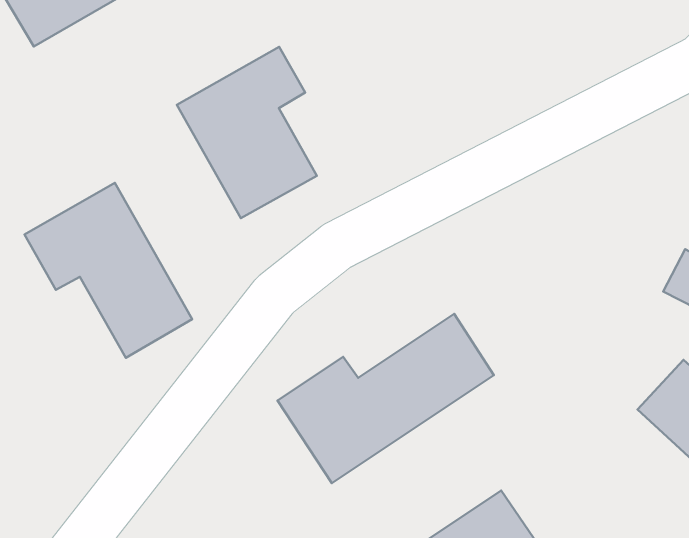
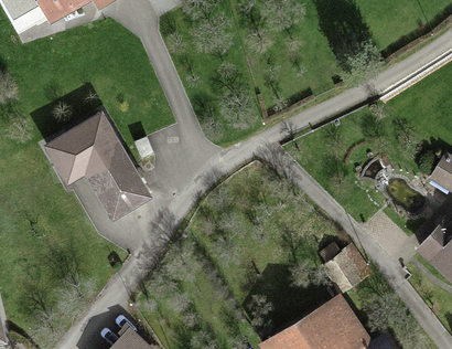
building: [177,47,317,218] -> none
building: [278,314,494,483] -> none

